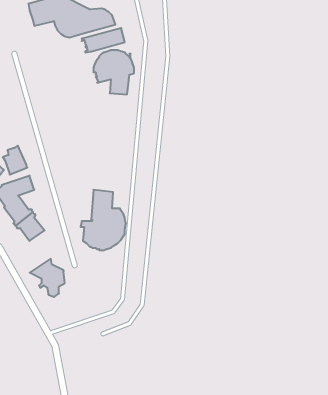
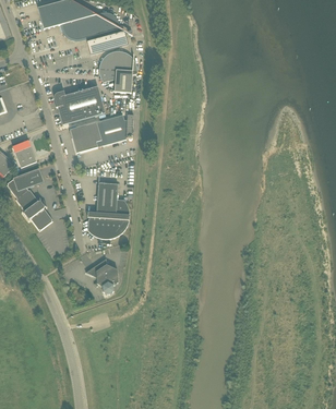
building: none -> [53,86,104,124]
building: none -> [69,115,133,153]
building: [30,259,65,297] -> [85,258,118,294]

